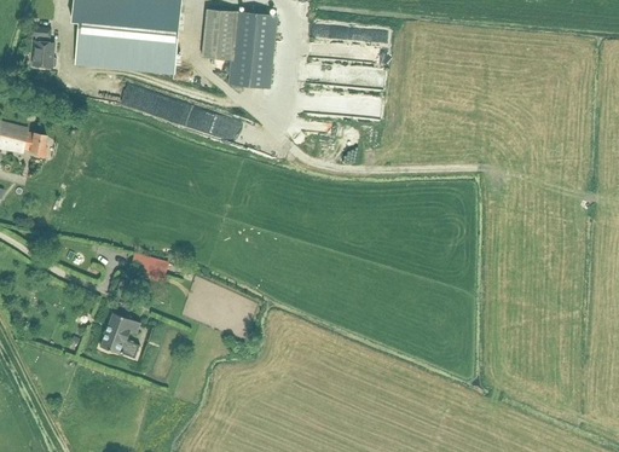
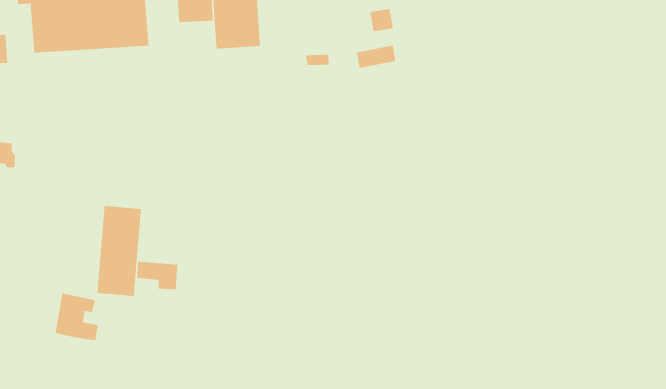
building: none -> [97,205,142,297]
building: [100,312,140,358] -> [54,292,99,341]

